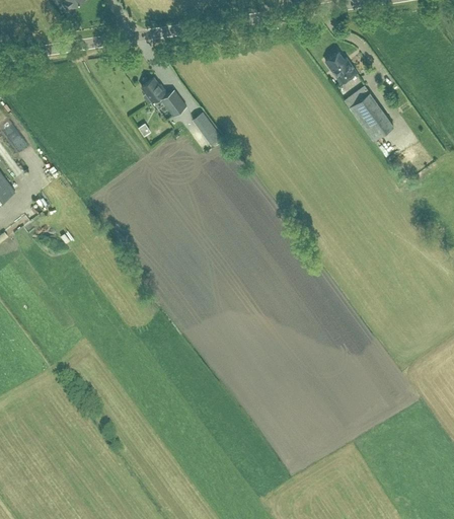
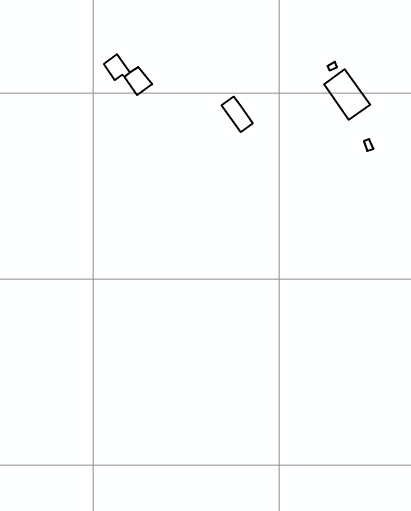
building: [324,51,356,82] -> none
building: [192,110,221,144] -> [222,97,253,132]

